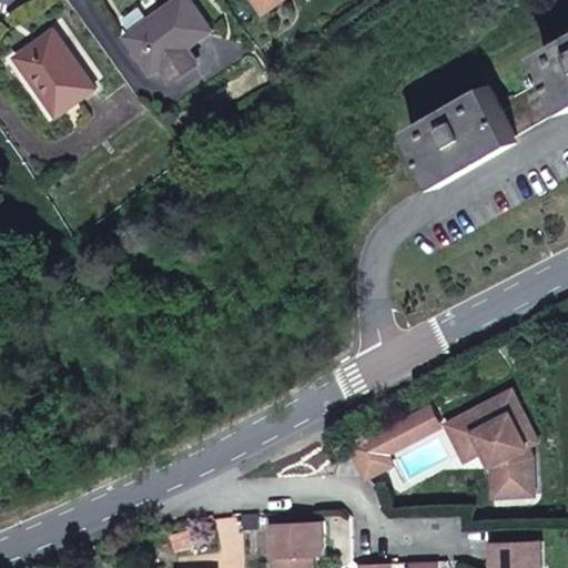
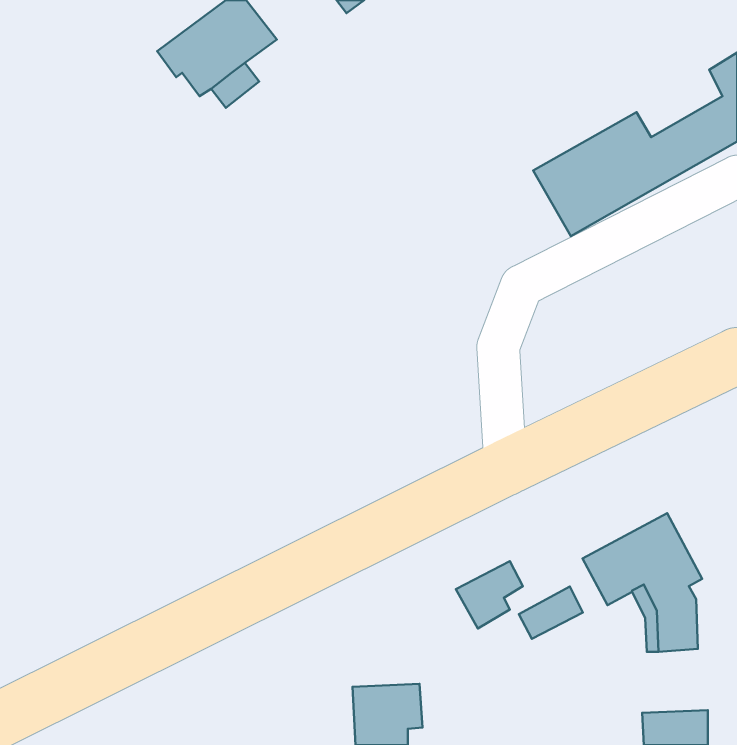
building: [13,30,94,115] -> none
building: [388,406,437,446] -> [519,586,583,639]

